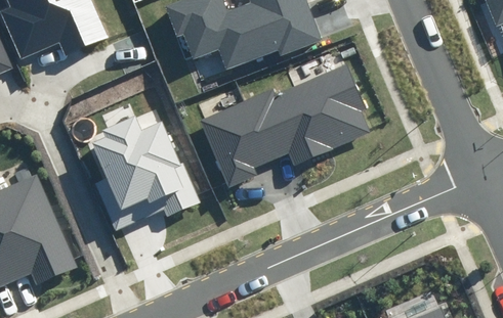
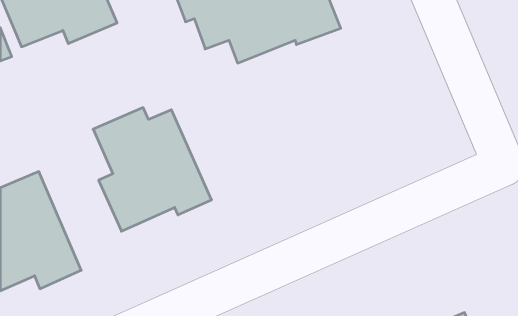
building: [203,63,370,184] -> none

